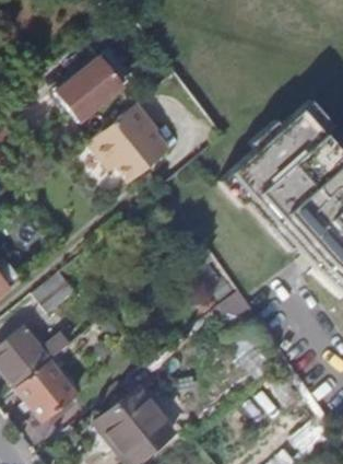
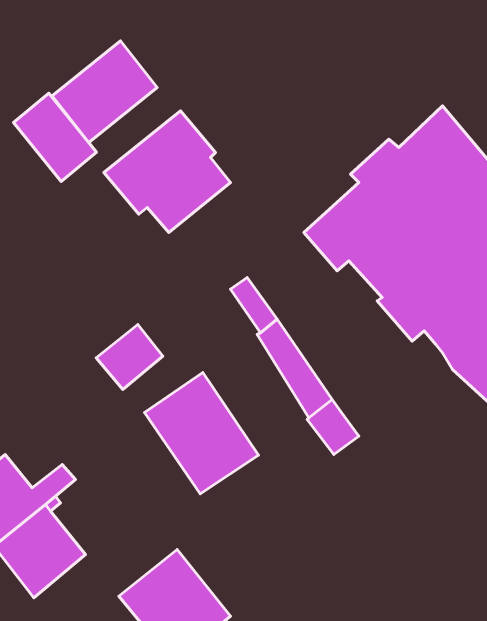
building: none -> [13,93,97,182]
building: [32,271,75,314] -> [96,325,163,390]
building: none -> [145,372,258,494]

